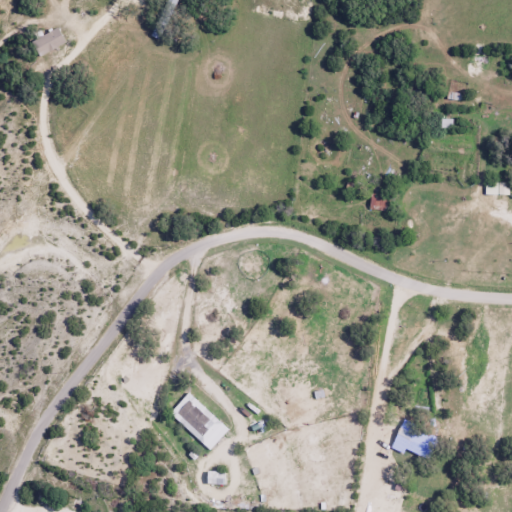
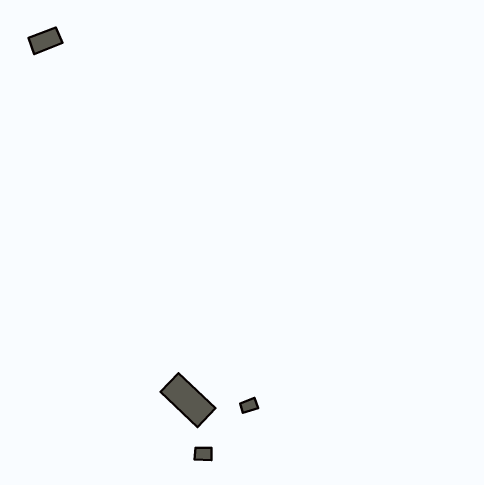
building: [393,422,439,460] -> none

